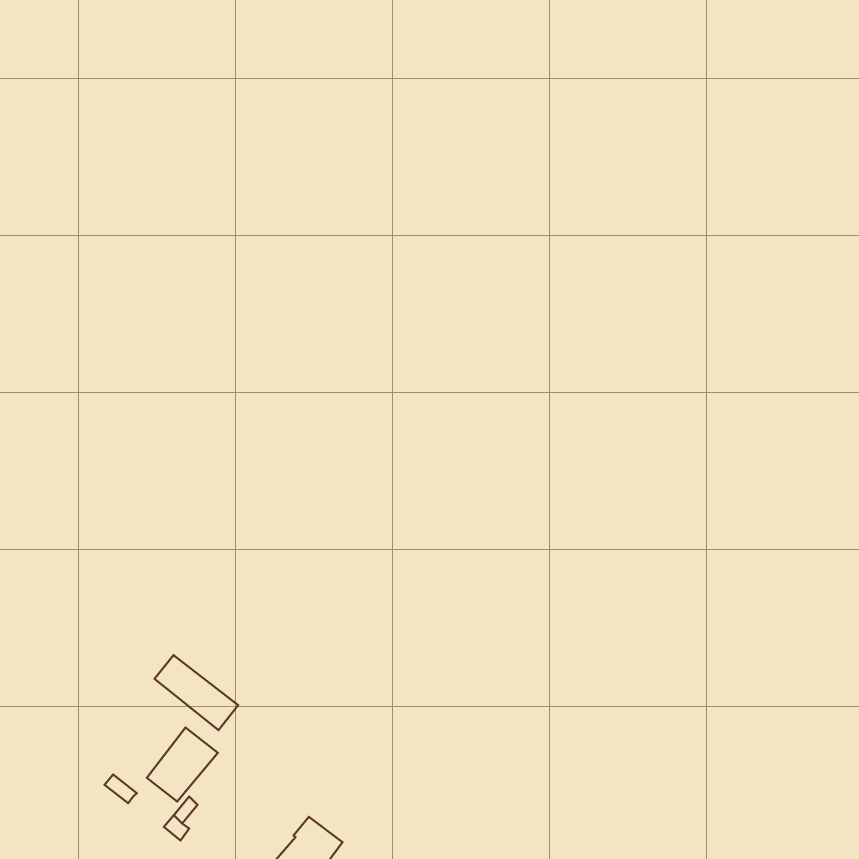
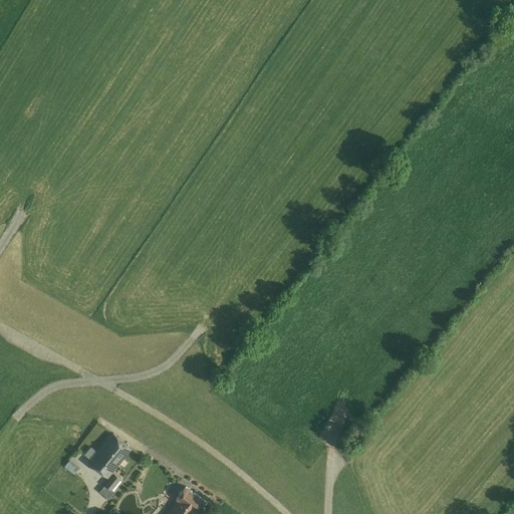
building: [155,655,238,730] -> none

